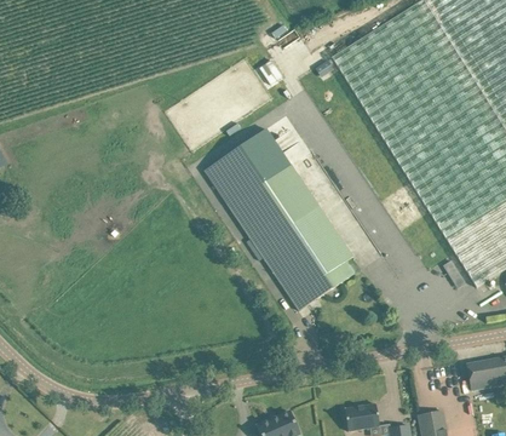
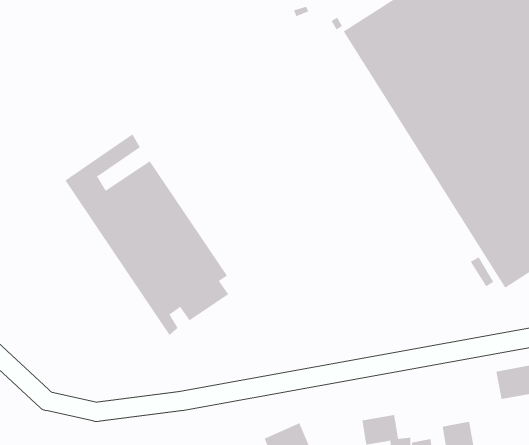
building: [205,127,353,310] -> [65,134,229,336]

